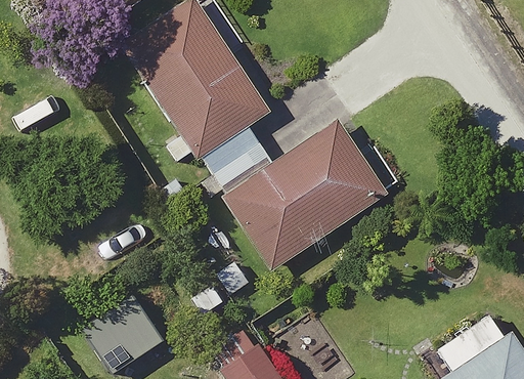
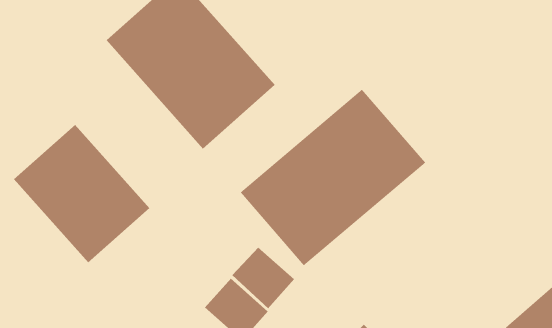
building: none -> [13,124,150,263]

